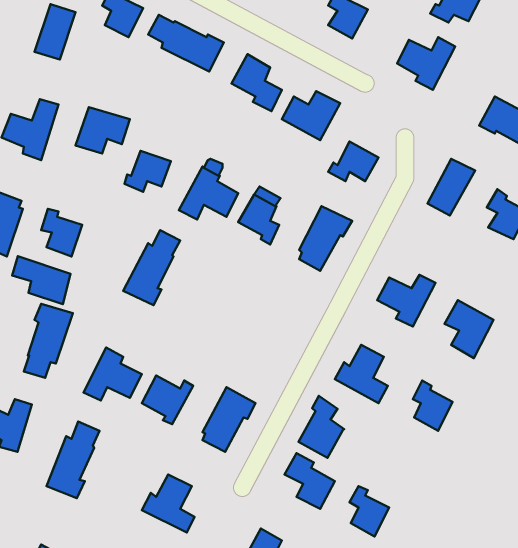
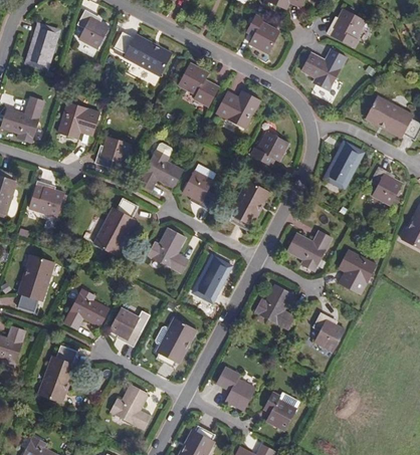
building: [12,256,71,304] -> none
building: none -> [147,228,187,272]
building: none -> [192,256,229,300]
building: [298,396,344,458] -> none

